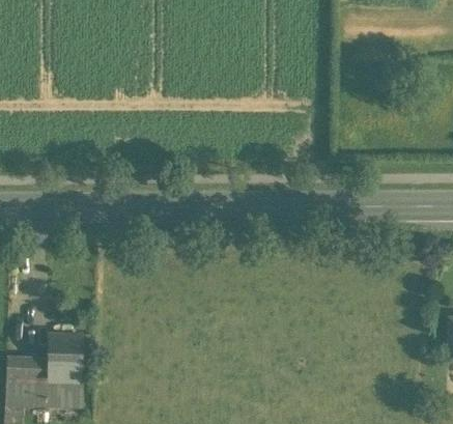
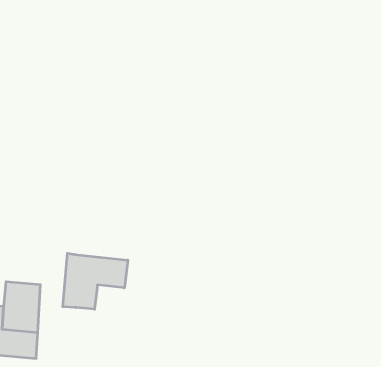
building: none -> [63,253,128,309]

